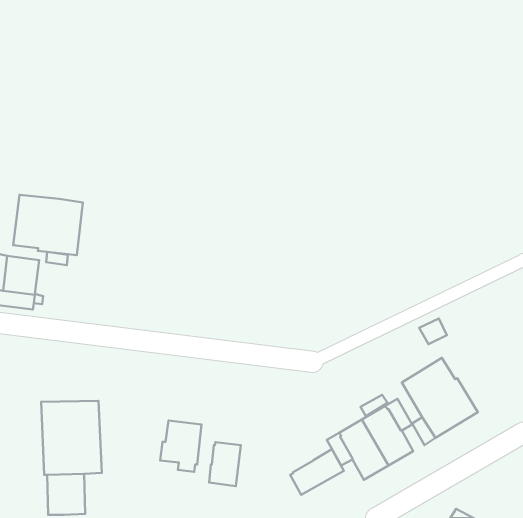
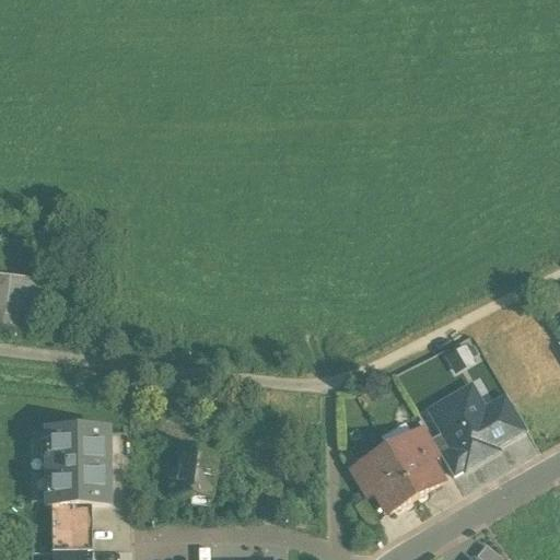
building: [13,195,83,255] -> none
building: none -> [487,392,527,439]
building: [209,442,241,486] -> none
building: [290,449,344,495] -> none

